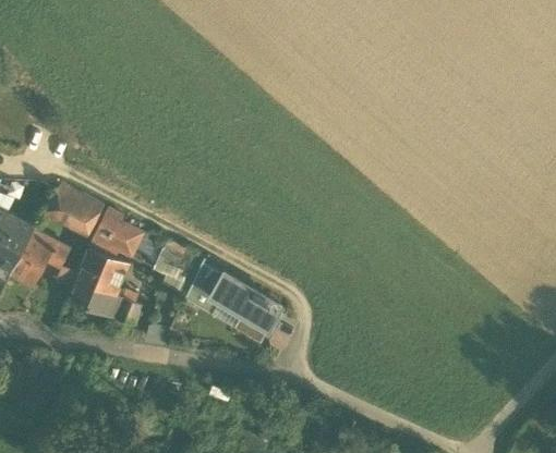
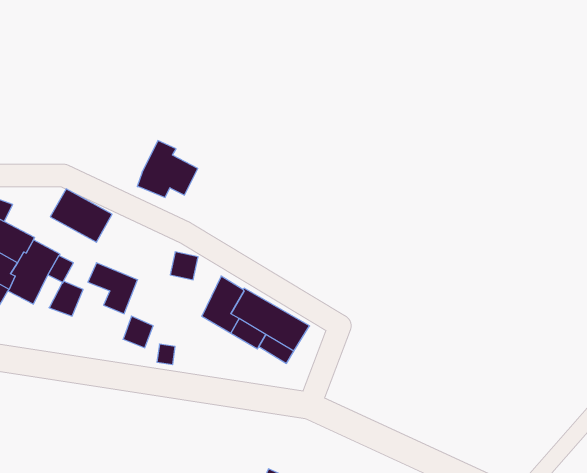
building: [88,209,143,260] -> [137,141,198,197]
building: [70,268,114,315] -> none

